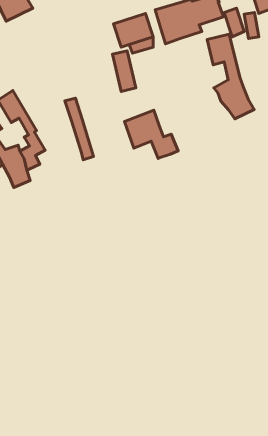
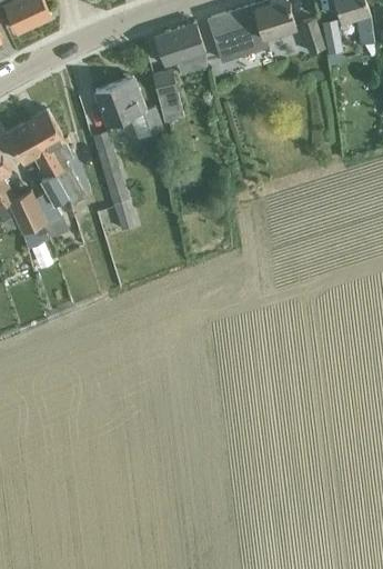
building: [207,34,254,119] -> none
building: none -> [26,110,84,206]
building: [124,110,178,159] -> [94,78,163,140]

